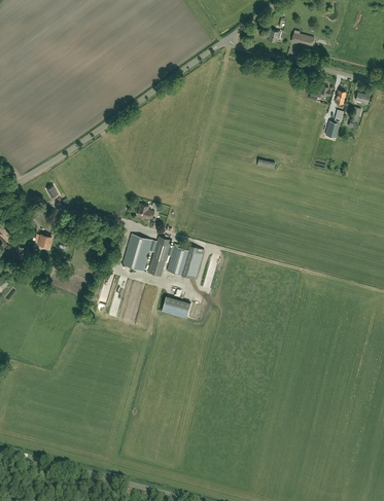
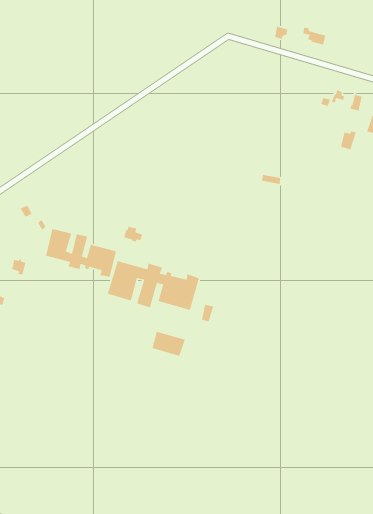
building: none -> [45,228,117,278]

